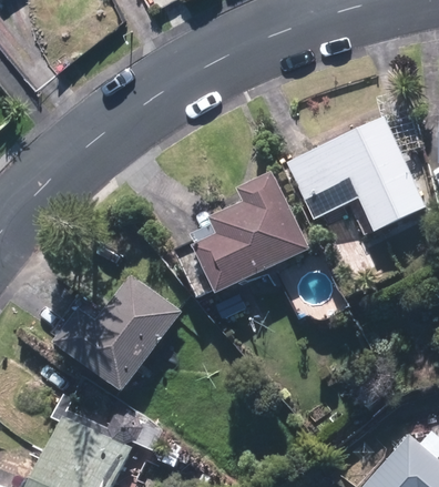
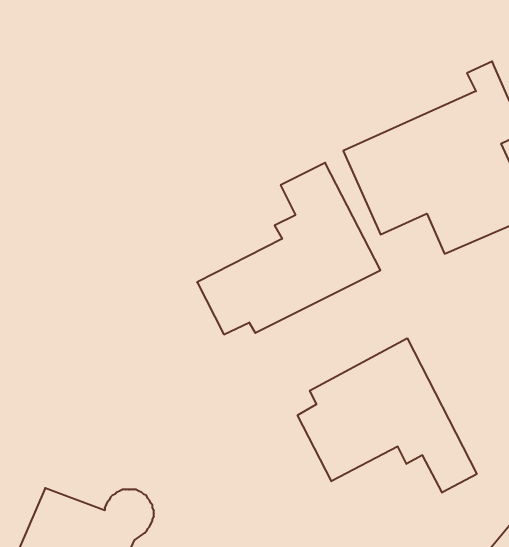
building: [51,274,180,392] -> none
building: none -> [298,338,477,493]

